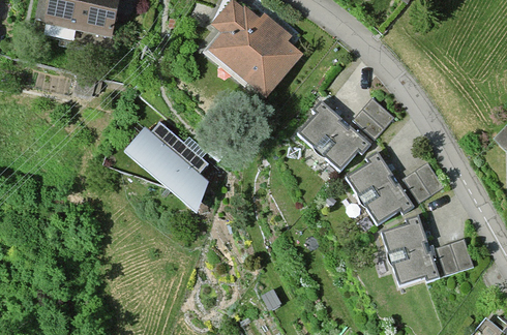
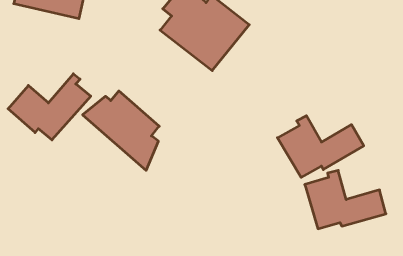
building: [297,96,396,172] -> none
building: none -> [8,74,91,140]

